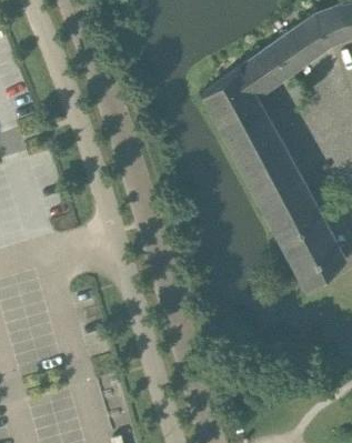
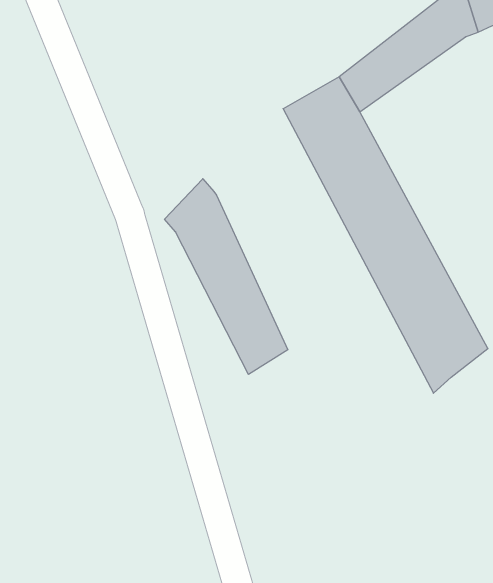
building: none -> [165,179,288,374]

